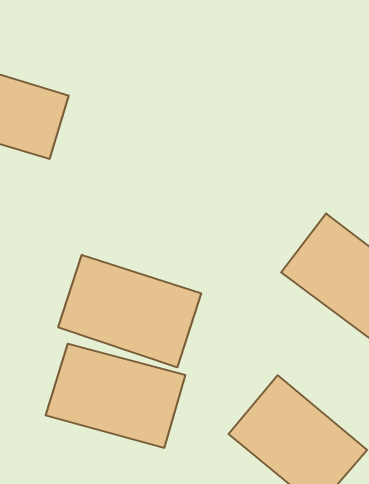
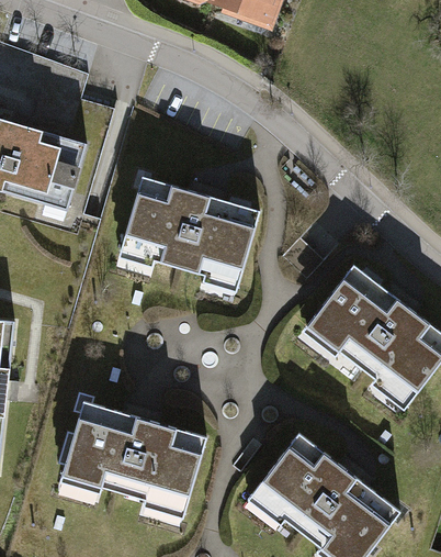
building: none -> [122,178,258,286]
building: [58,255,201,367] -> none

